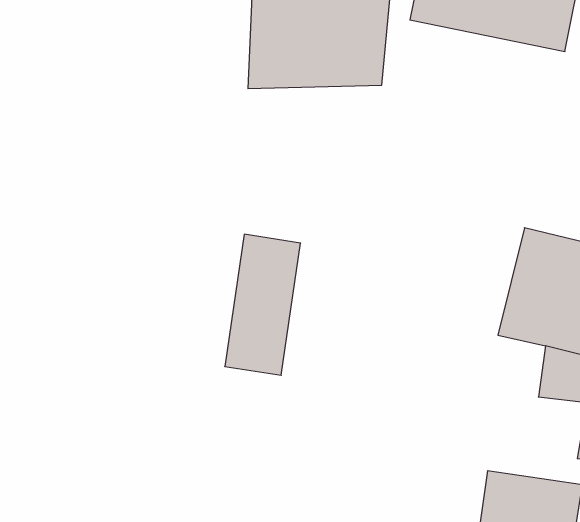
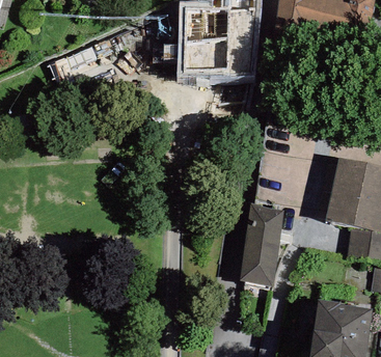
building: [225,234,301,375] -> [239,204,283,287]

